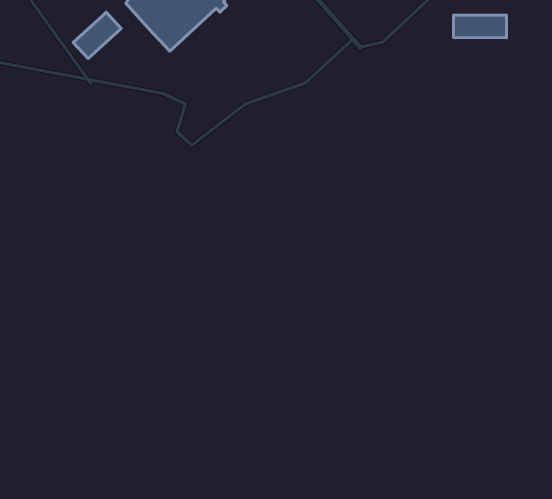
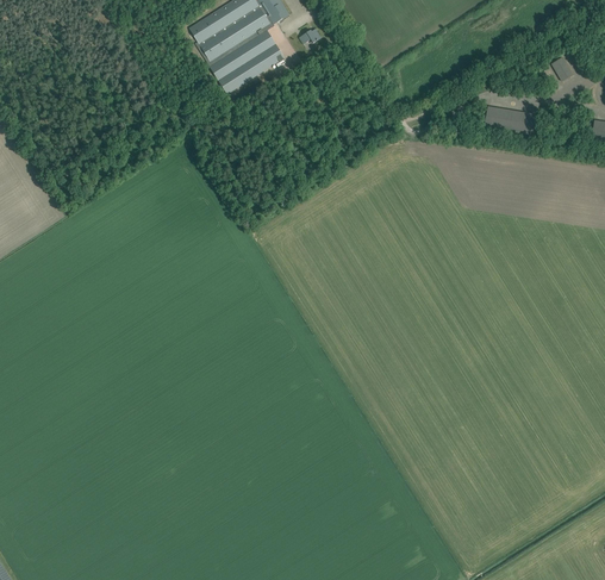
building: [73,12,121,59] -> none

